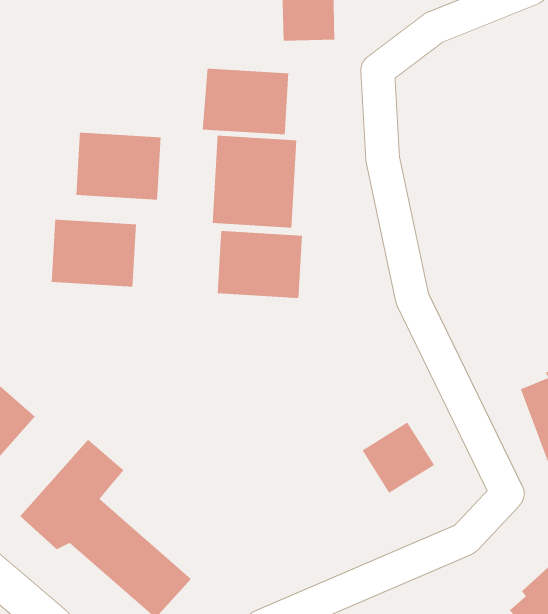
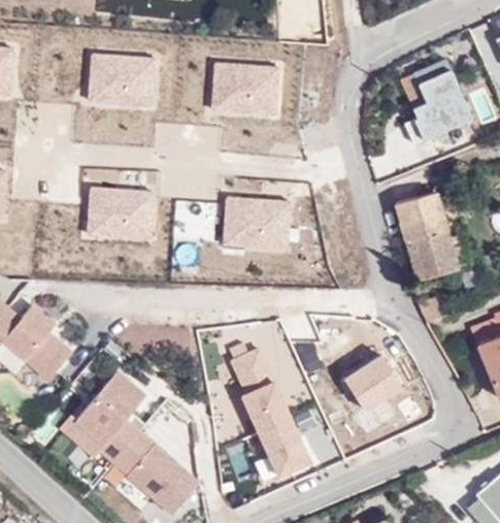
building: none -> [399,60,470,139]
building: [75,132,161,201] -> [89,53,160,109]
building: [212,135,297,228] -> none
building: none -> [396,189,458,277]
building: none -> [231,347,312,481]

